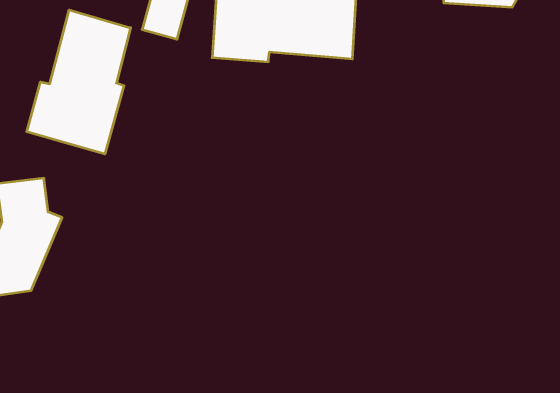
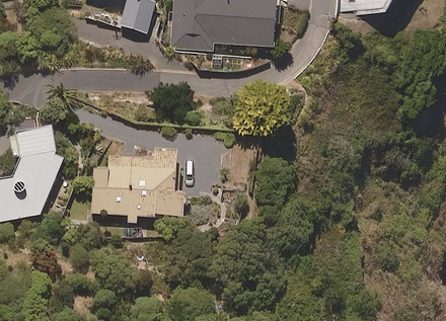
building: [27,10,131,154] -> none
building: none -> [90,153,181,223]

